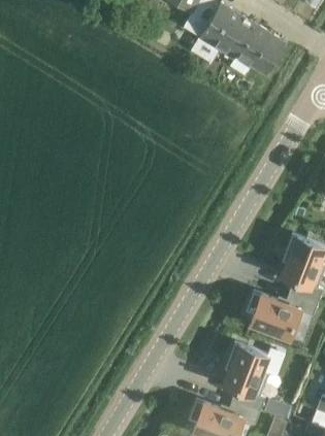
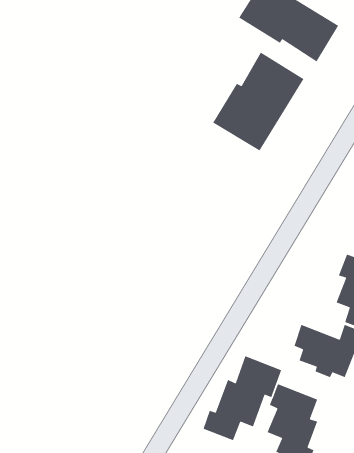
building: none -> [212,51,304,152]
building: none -> [203,355,282,441]

